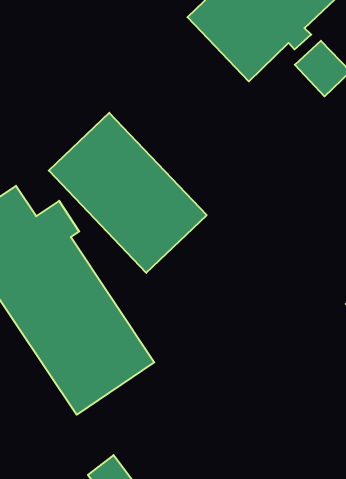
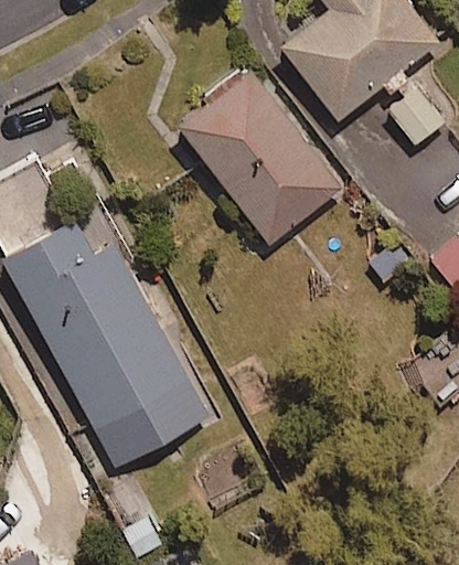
building: [49,113,207,273] -> [175,66,342,244]

